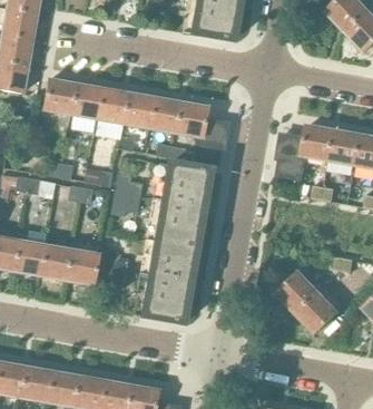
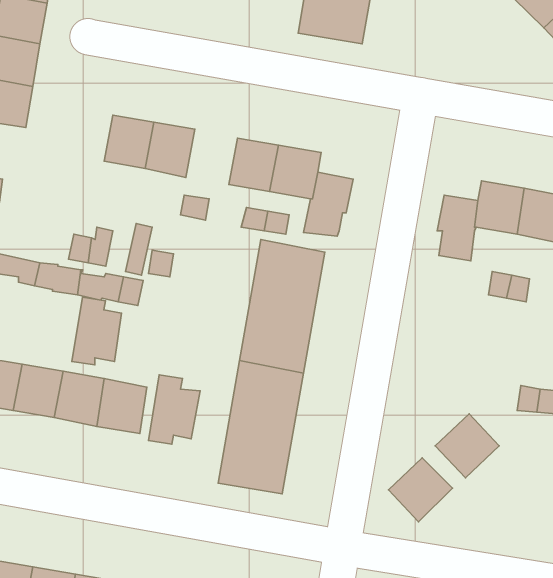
building: [45,79,77,113] -> none
building: [122,92,155,127] -> none
building: [112,172,144,214] -> [72,297,122,365]
building: [297,291,337,331] -> [388,458,452,522]

